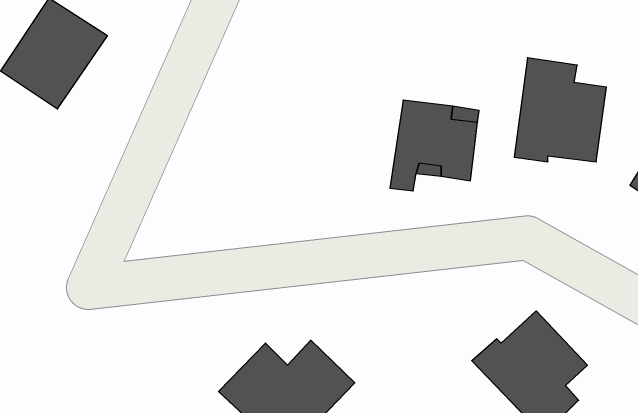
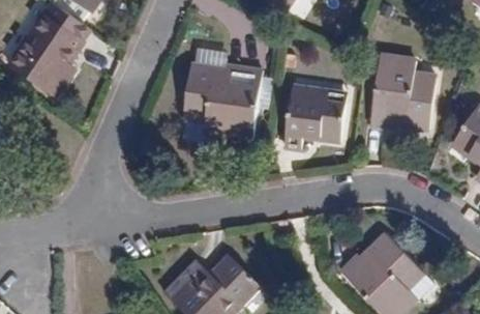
building: none -> [183,65,263,141]

